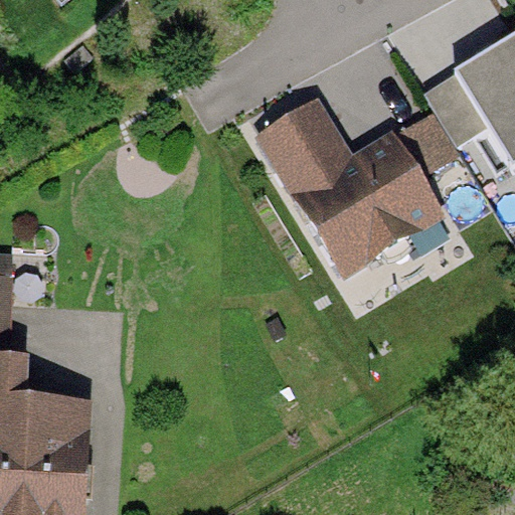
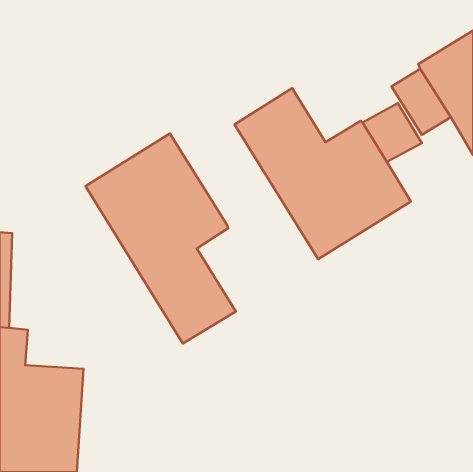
building: none -> [85,134,236,344]

